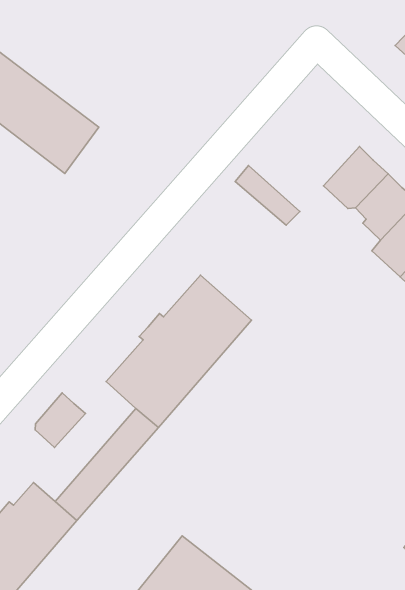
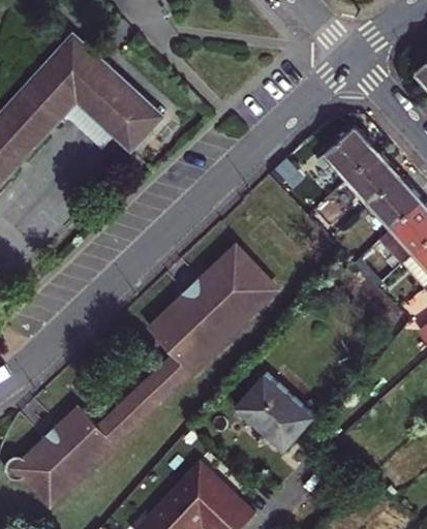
building: none -> [315,127,377,183]
building: [35,393,86,448] -> none
building: none -> [236,375,314,453]

